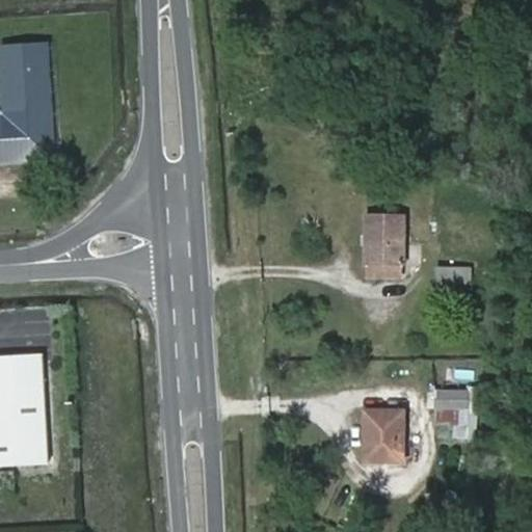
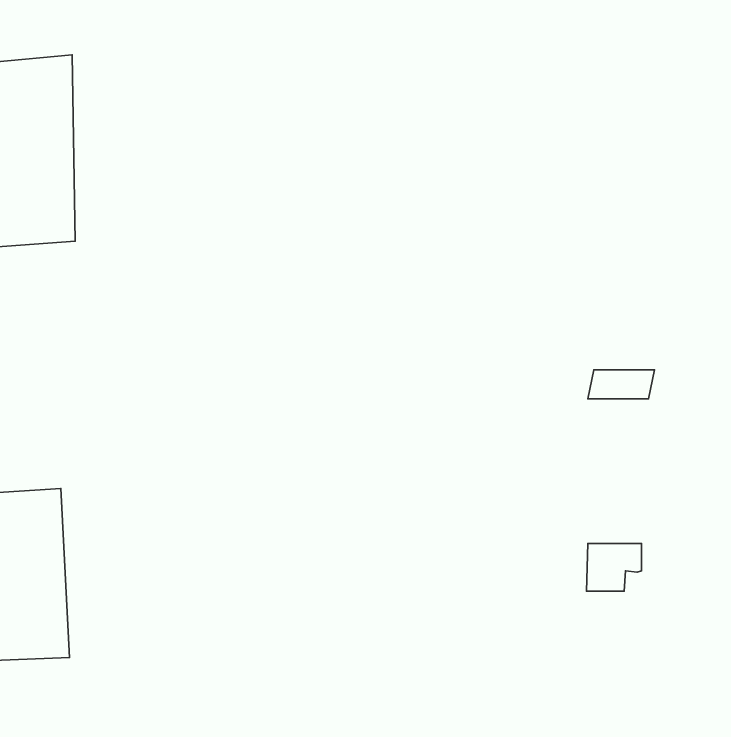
building: [360,215,396,262] -> none
building: [360,408,401,457] -> none

